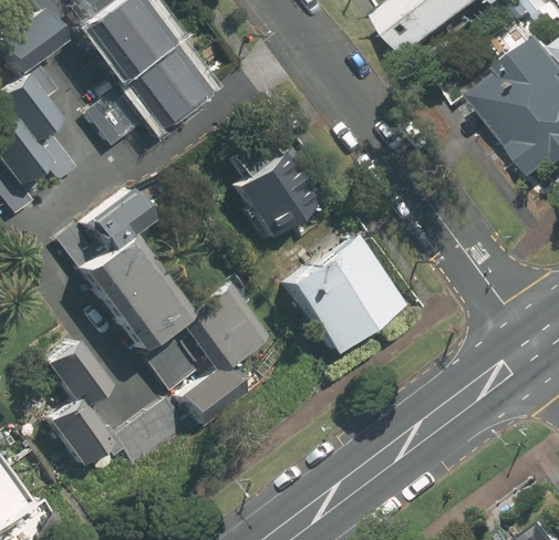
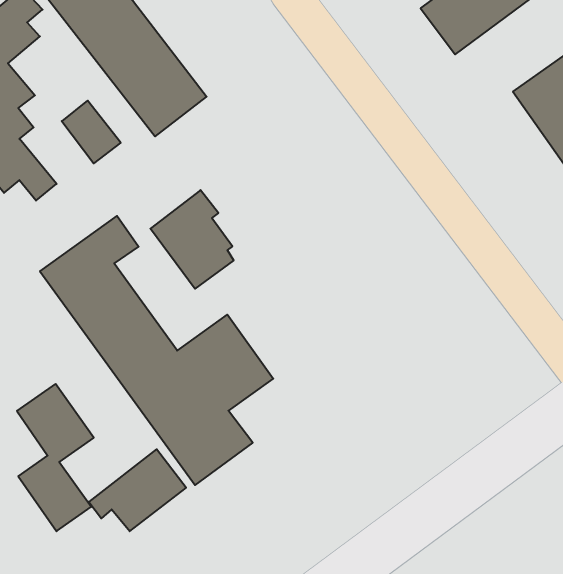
building: [245,147,317,232] -> [150,190,234,289]
building: [286,232,407,354] -> none

